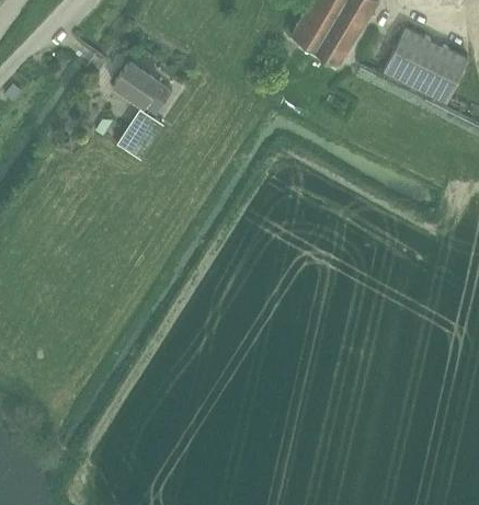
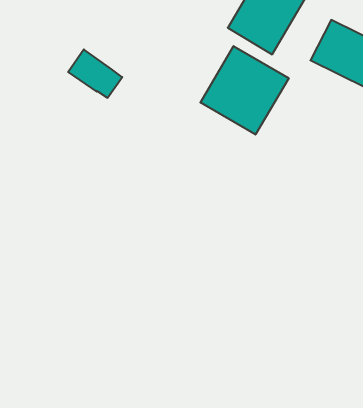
building: none -> [200,46,289,135]
building: [115,108,162,160] -> none

